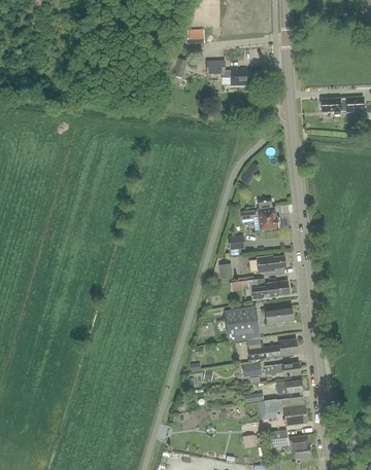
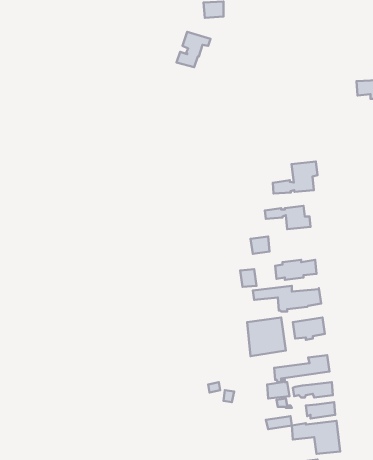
building: [206,60,261,85] -> none
building: none -> [273,161,317,194]

